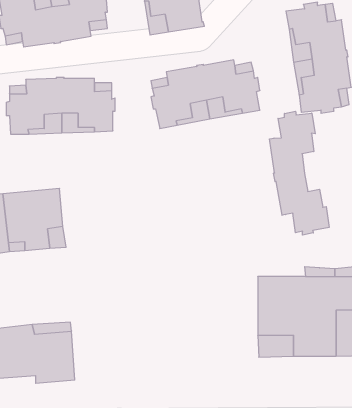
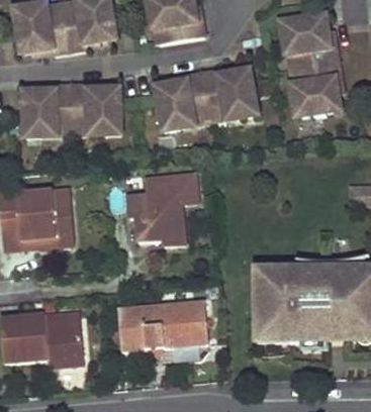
building: [270,111,329,235] -> none
building: none -> [126,172,195,243]
building: none -> [119,302,208,350]

